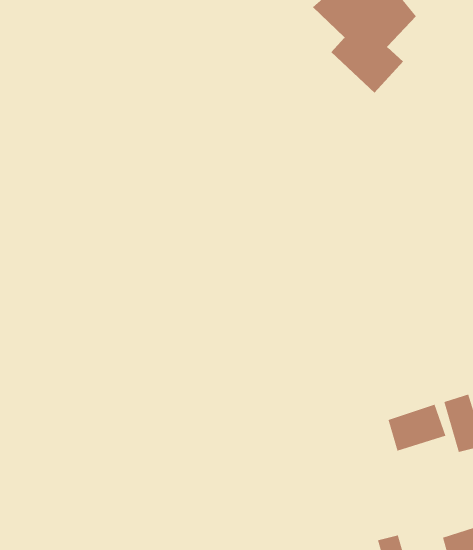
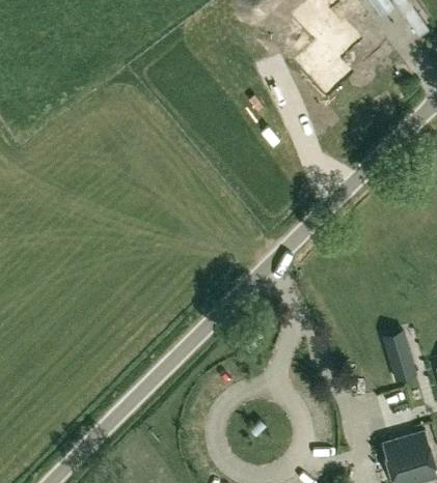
building: [388,404,446,451] -> none

